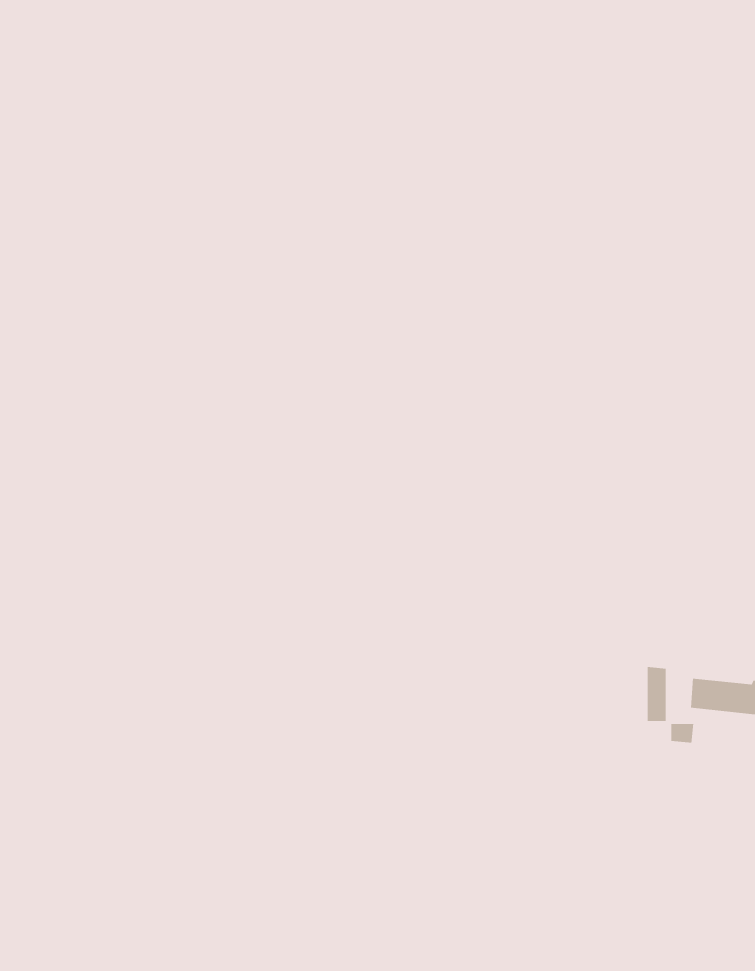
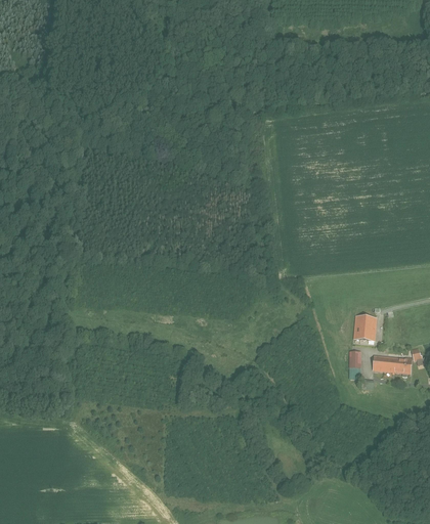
building: none -> [353,314,377,340]

